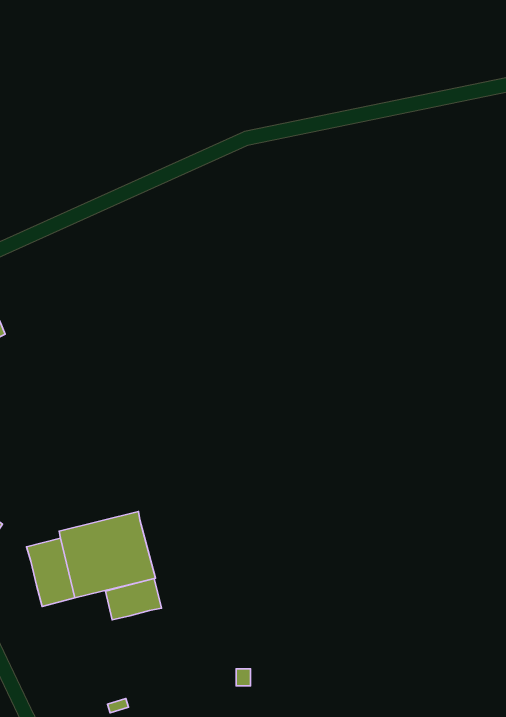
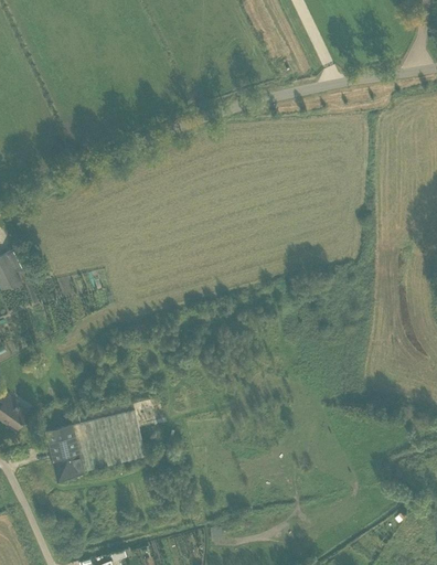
building: [105,578,161,620] -> none

